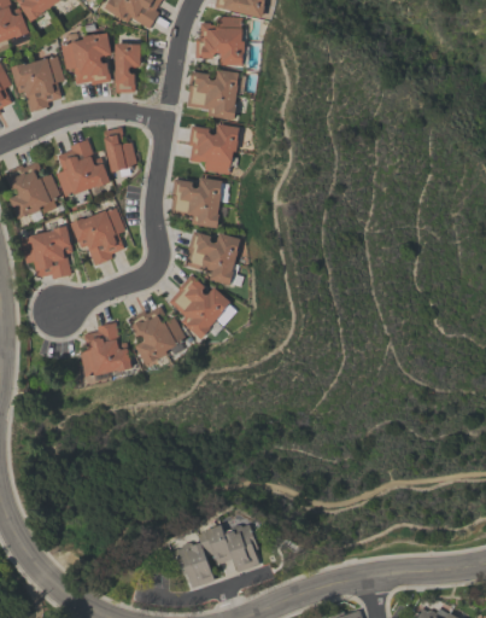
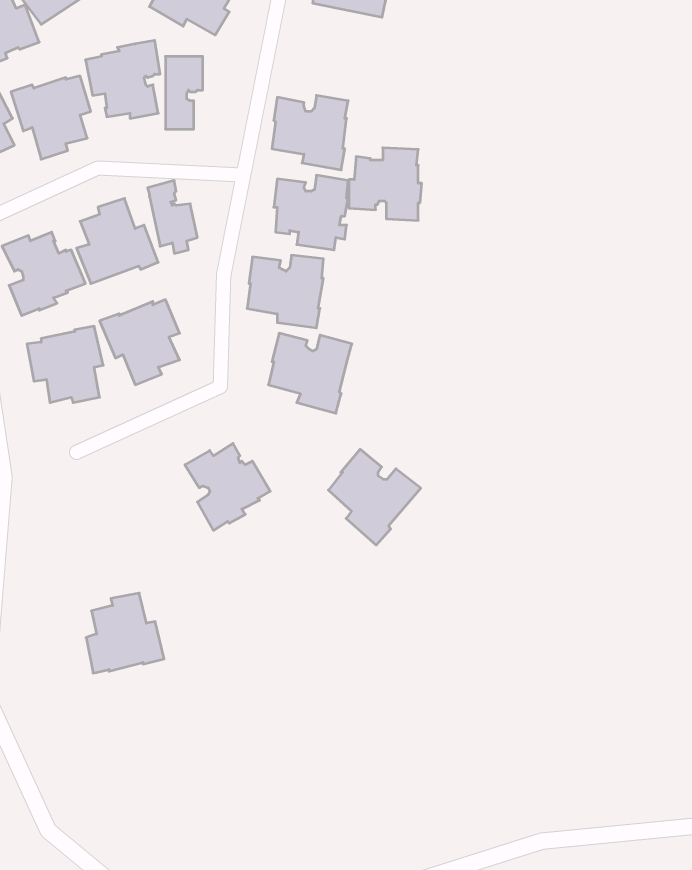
building: [195,16,245,65] -> [349,148,422,220]
building: [169,274,232,339] -> [328,449,421,545]
building: [80,322,133,377] -> [86,593,164,673]
building: [178,523,262,590] -> none

